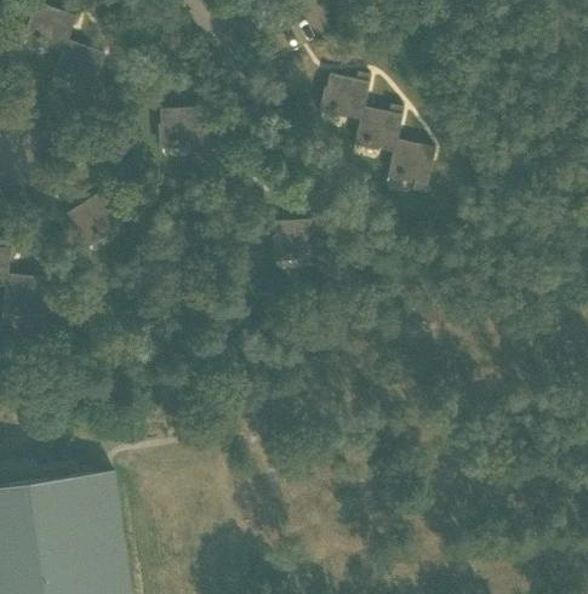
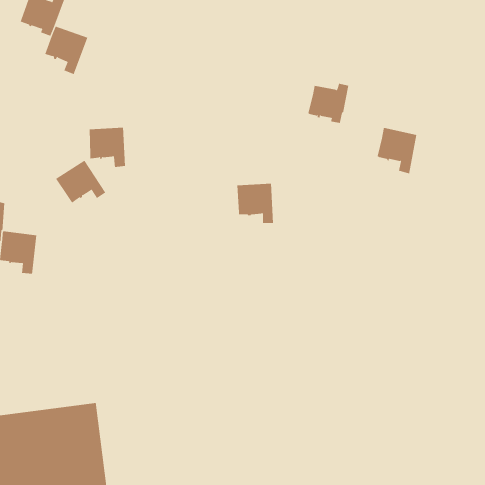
building: [320,73,370,119] -> none
building: [160,108,202,154] -> [89,127,126,167]
building: [386,139,434,193] -> [375,127,417,174]

